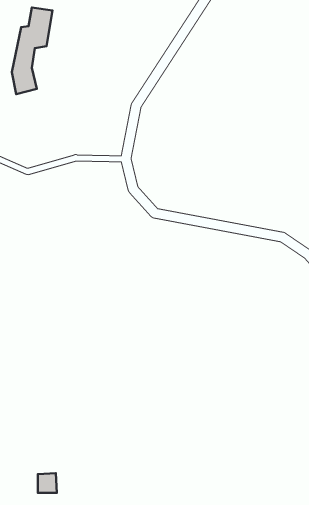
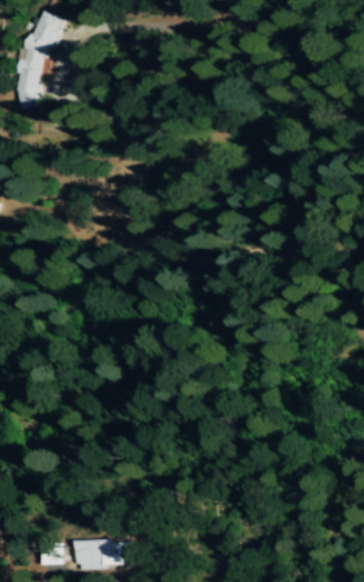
building: none -> [82,538,138,568]

